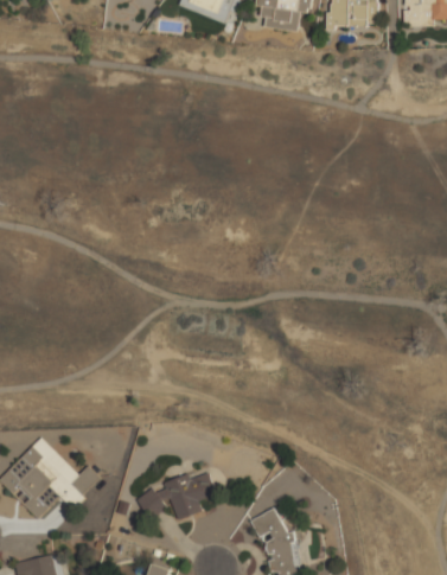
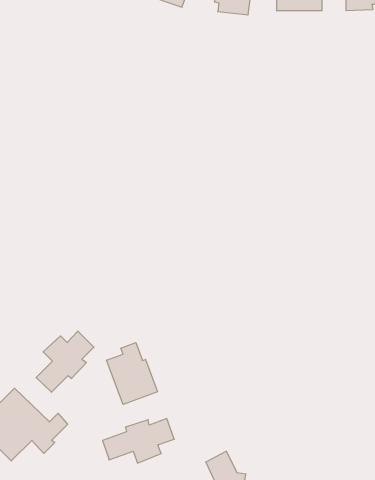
building: none -> [36,331,94,392]
building: none -> [107,343,158,404]

